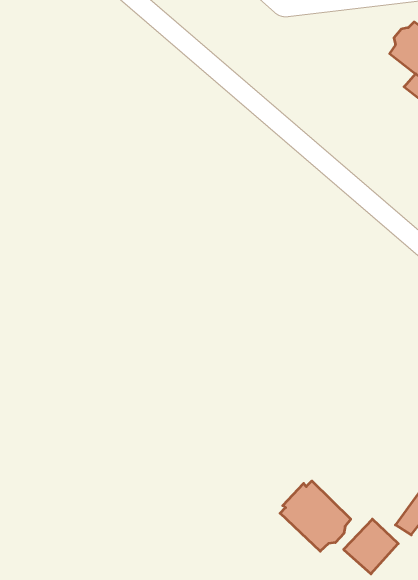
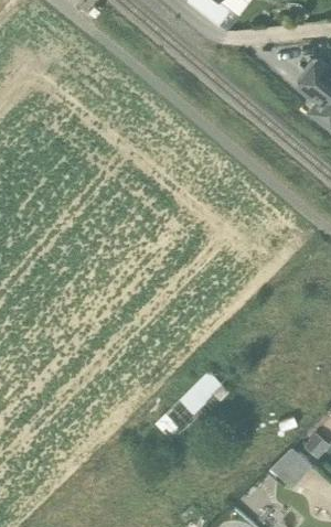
building: [280,481,351,551] -> none

